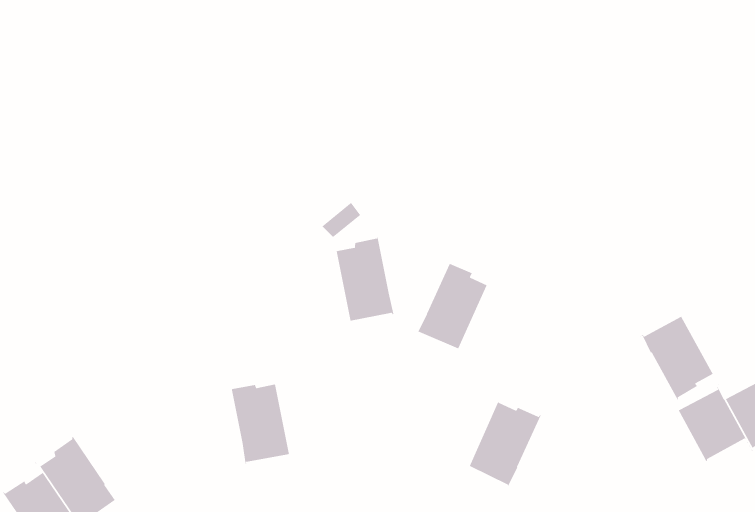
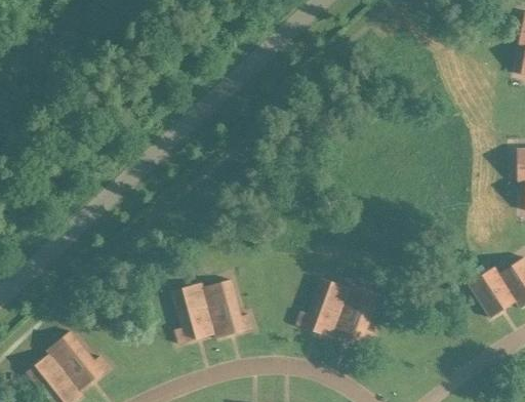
building: [333,236,405,323] -> [200,280,251,338]
building: [407,260,493,352] -> [295,278,350,338]
building: [631,313,720,400] -> none

